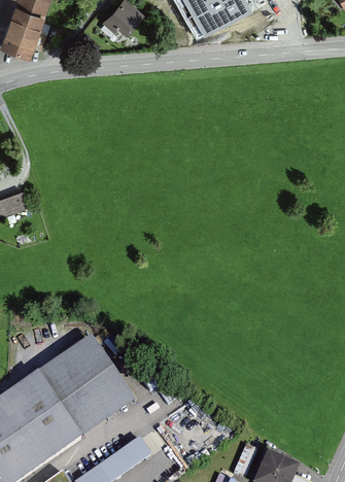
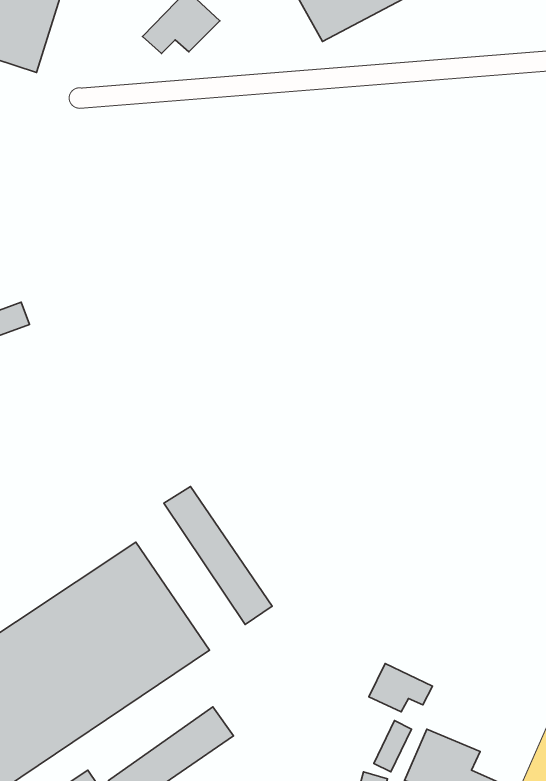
building: none -> [164,487,272,624]
building: none -> [369,663,433,712]

